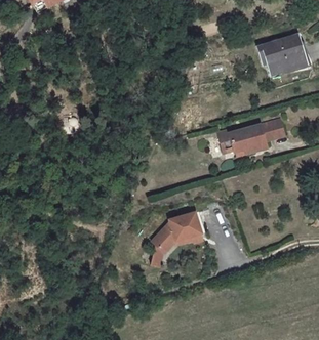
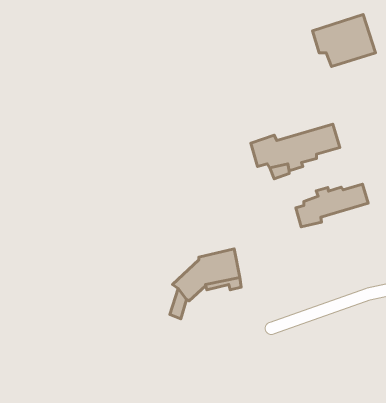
building: none -> [296,184,368,227]

